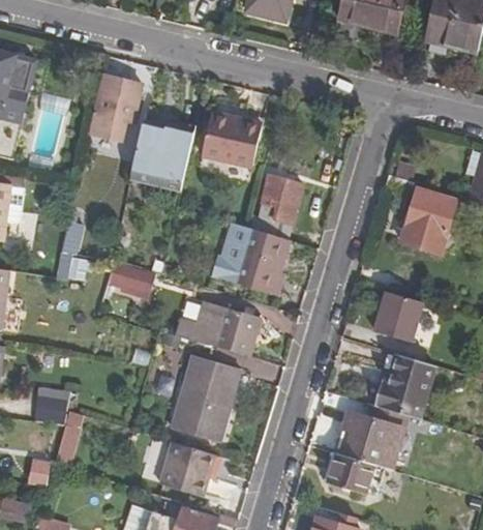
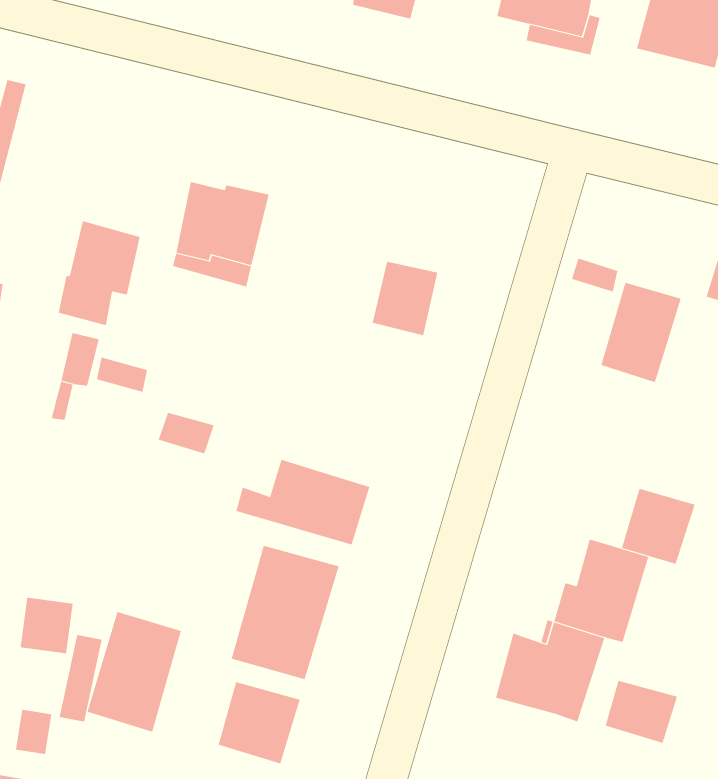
building: [89,73,142,141] -> [58,220,140,326]
building: [201,113,263,167] -> none
building: [220,220,289,293] -> none
building: [375,290,423,338] -> [621,488,696,564]
building: none -> [87,611,181,732]
building: [329,452,375,493] -> [605,680,678,744]

